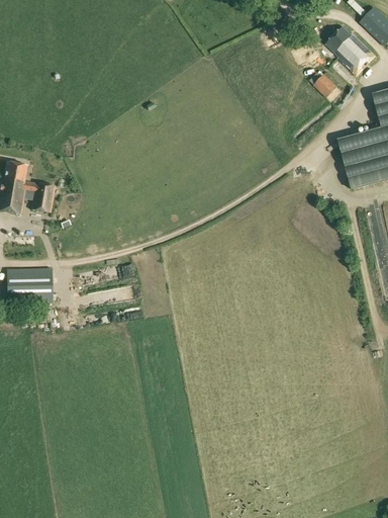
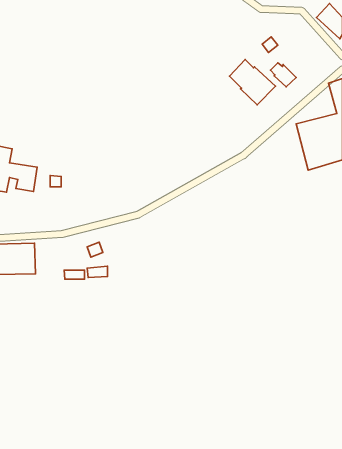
building: [325,25,376,75] -> [229,59,276,105]

